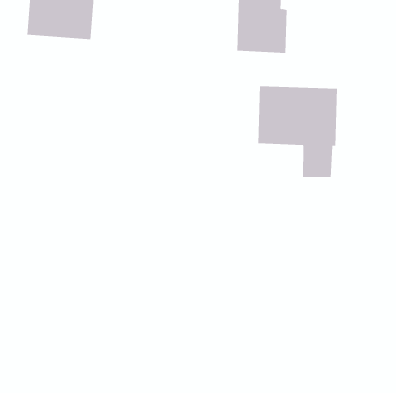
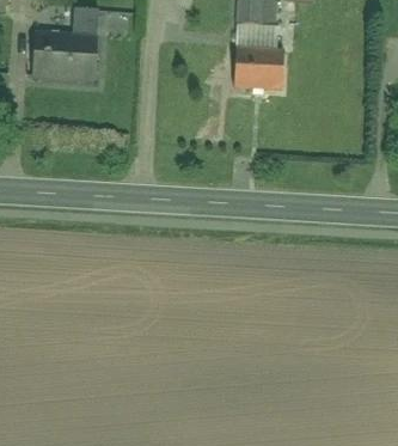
building: [258,85,338,178] -> none

